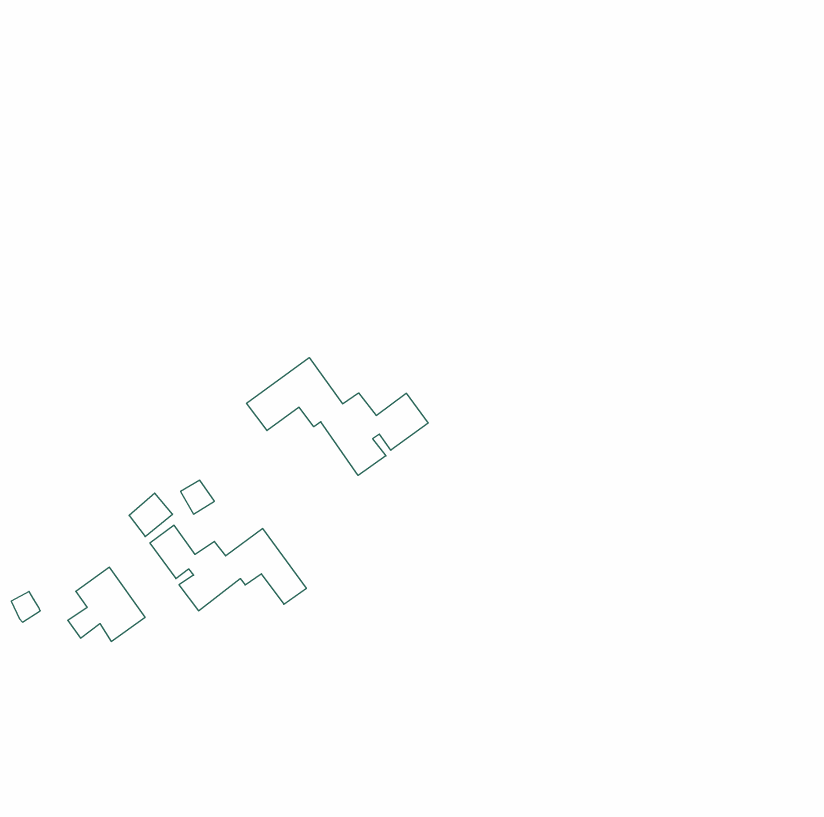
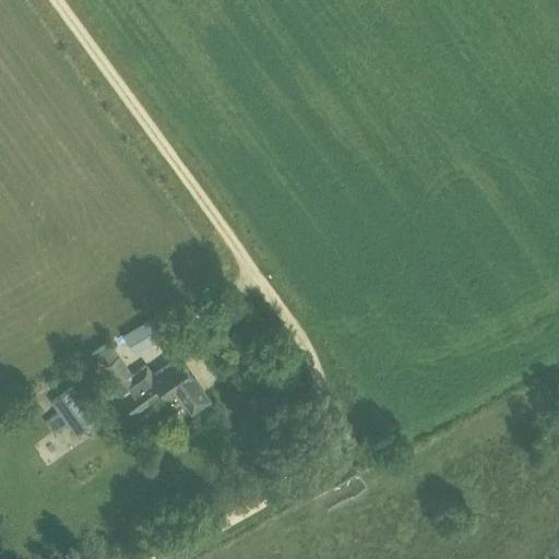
building: [247,358,428,475] -> none

